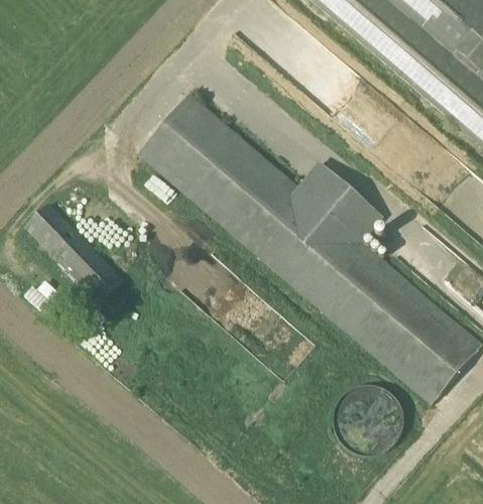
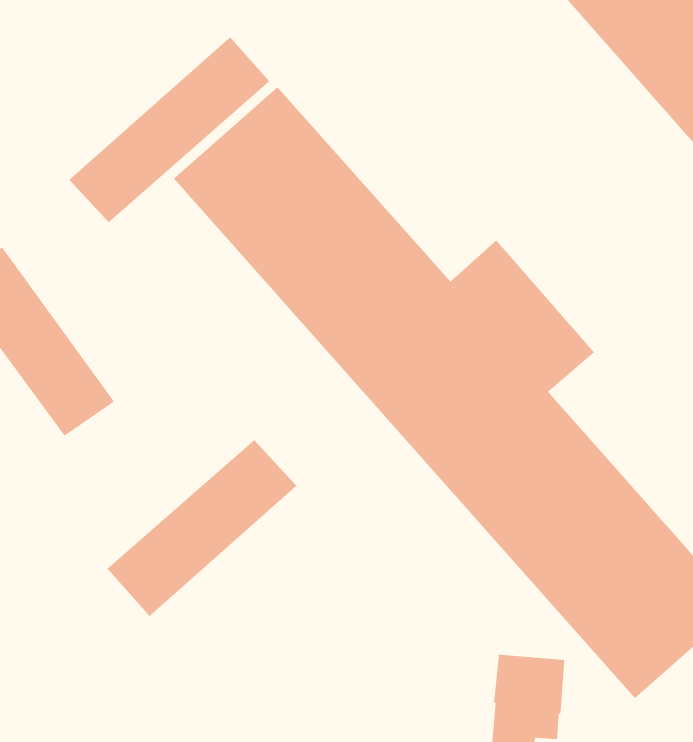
building: none -> [68,37,270,223]
building: none -> [107,439,297,617]

